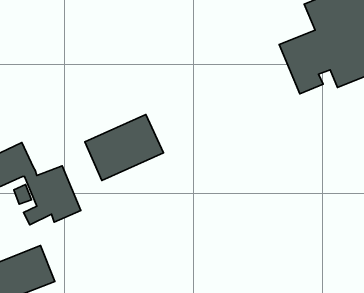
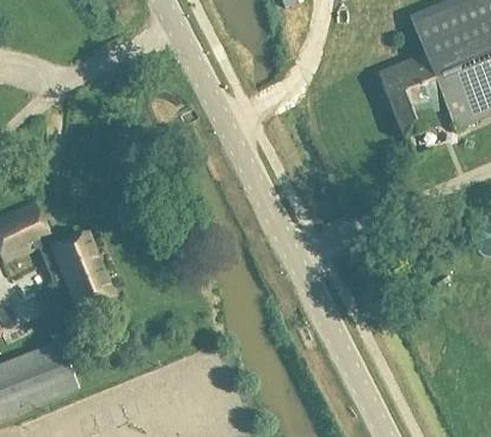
building: [85,115,164,181] -> none

